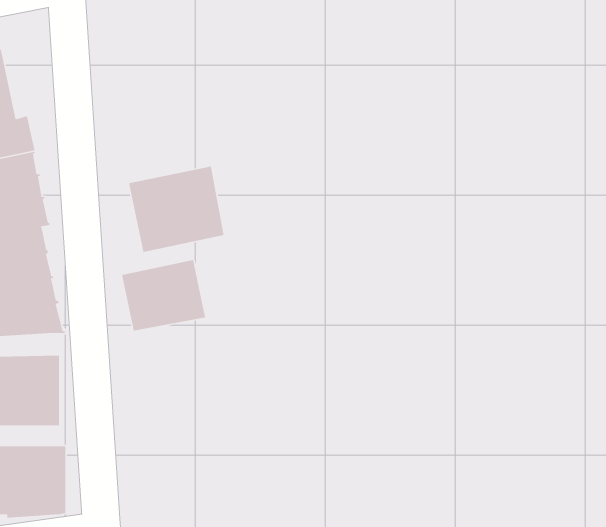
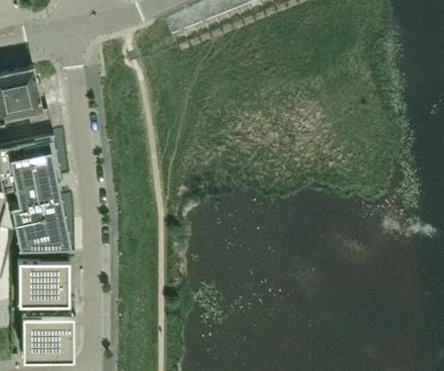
building: [128,165,224,253] -> none
building: [121,259,206,332] -> none

